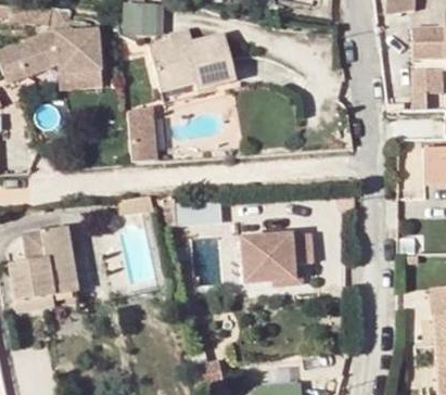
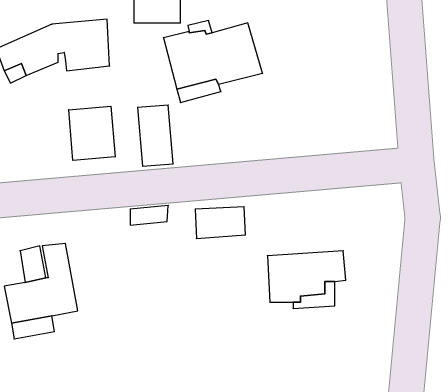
building: none -> [69,106,115,160]

